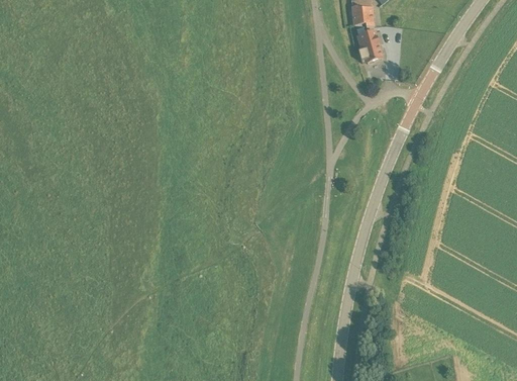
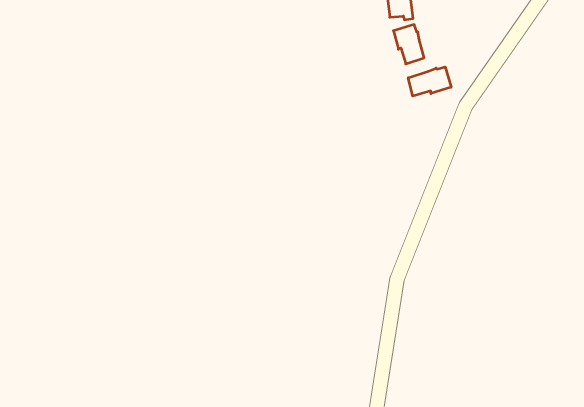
building: none -> [408,67,451,96]

